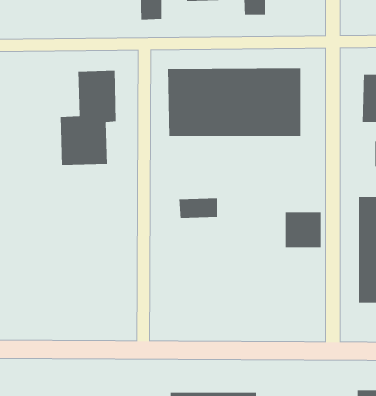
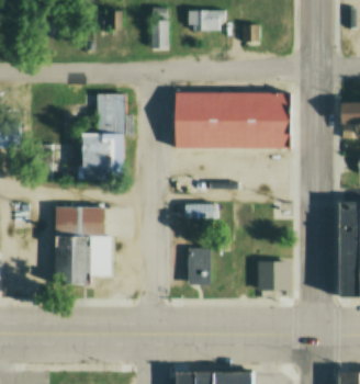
building: none -> [55,206,112,282]
building: [285,211,321,248] -> [258,260,290,292]
building: none -> [188,249,213,285]

